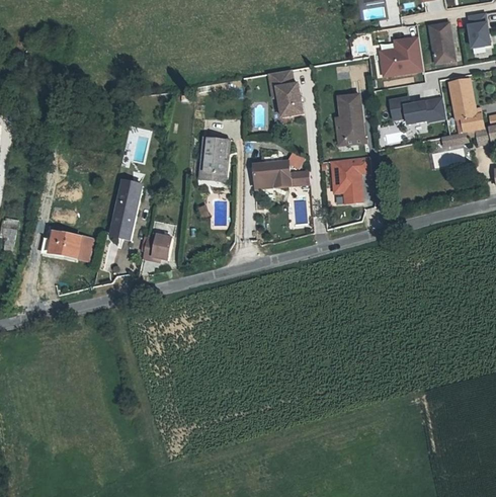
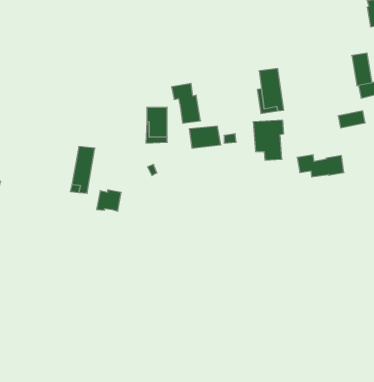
building: [427,20,453,61] -> none
building: [380,37,422,75] -> none
building: [266,69,301,116] -> [172,83,201,123]
building: [387,94,442,120] -> [297,155,344,177]
building: [49,231,87,256] -> none

